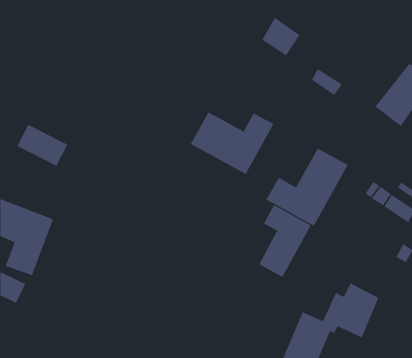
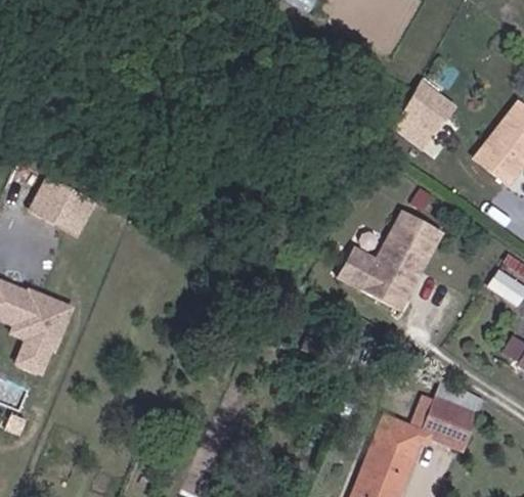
building: [261,17,300,56] -> [403,83,452,132]
building: [190,112,274,175] -> none
building: [258,204,312,278] -> none

